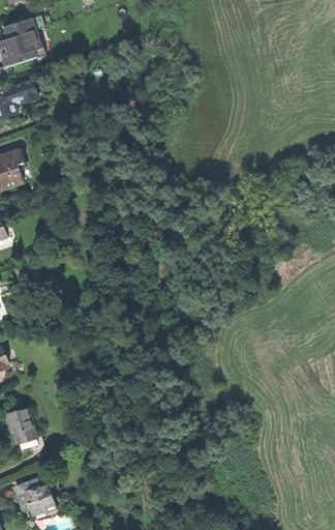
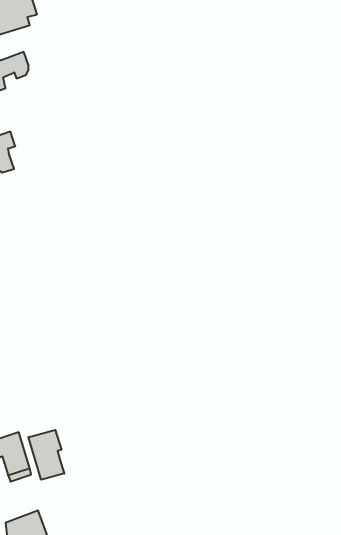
building: none -> [28,430,64,480]

